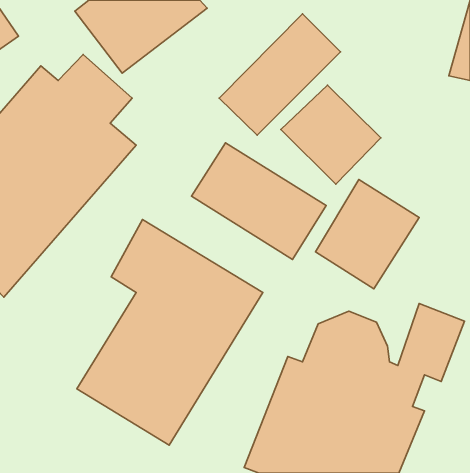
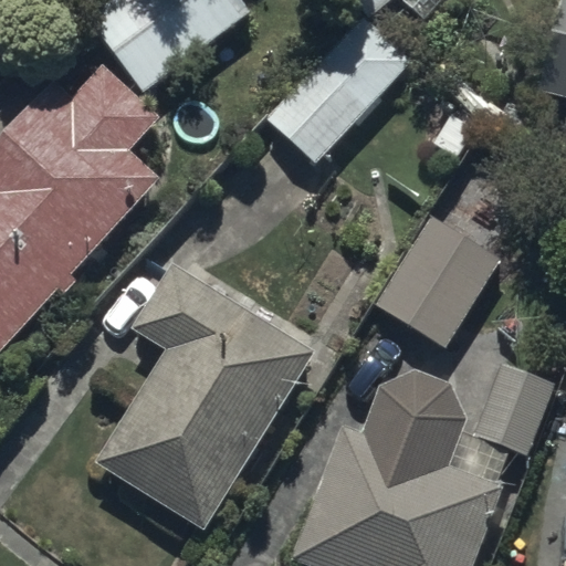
building: [281,85,381,184] -> none
building: [192,143,326,260] -> none

